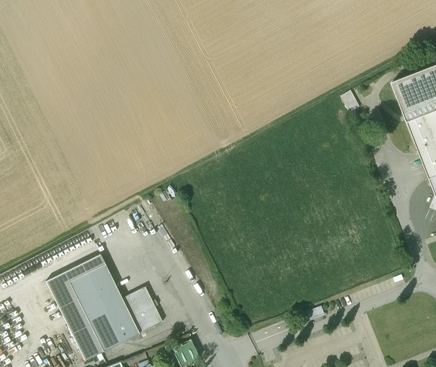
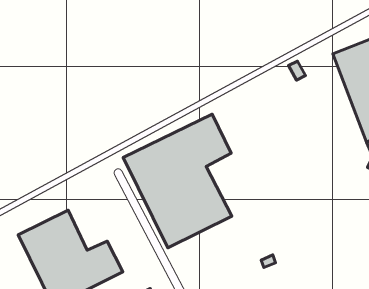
building: none -> [123,114,232,248]

